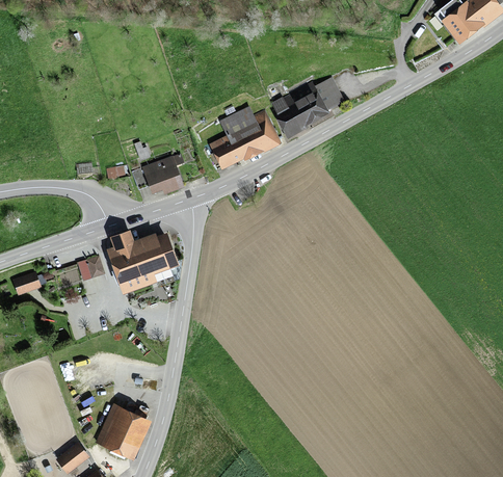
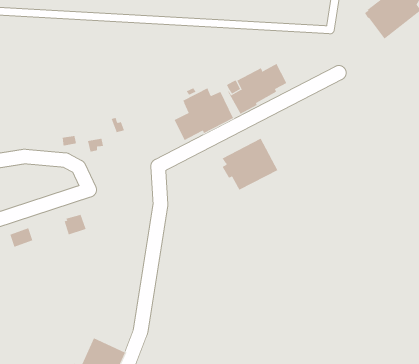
building: [131,154,185,194] -> none
building: none -> [222,138,278,190]
building: [107,229,179,294] -> none

